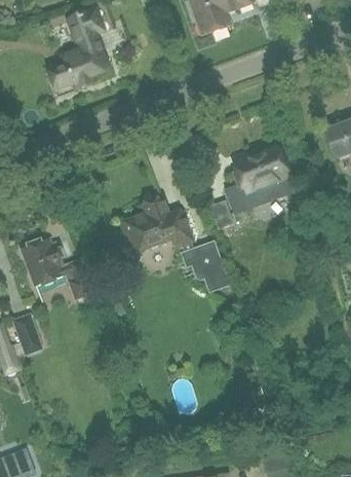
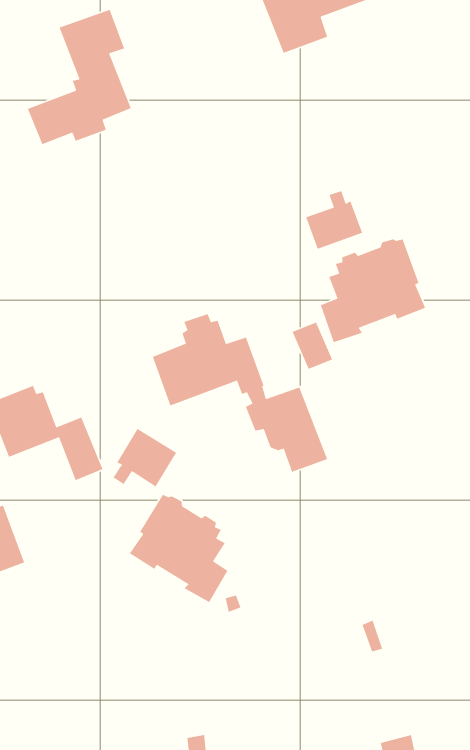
building: none -> [305,190,363,250]
building: none -> [113,428,177,487]
building: none -> [129,494,229,603]

